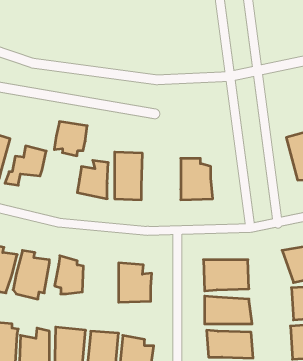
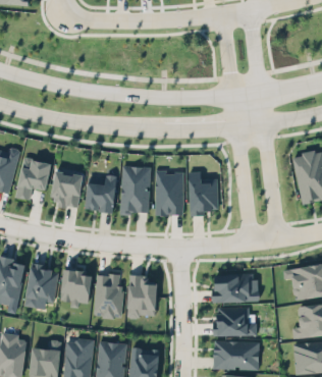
building: [54,122,87,156] -> [52,173,85,207]
building: none -> [154,172,181,219]
building: none -> [93,276,121,317]

